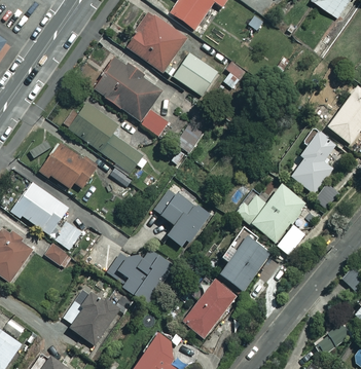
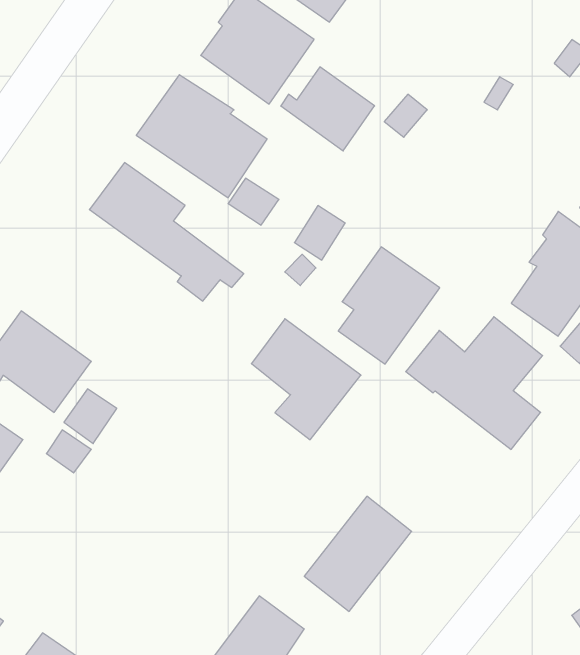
building: [42,142,98,188] -> none
building: [219,228,273,290] -> [338,247,440,364]
building: [107,250,174,303] -> none
building: [69,290,119,345] -> none

